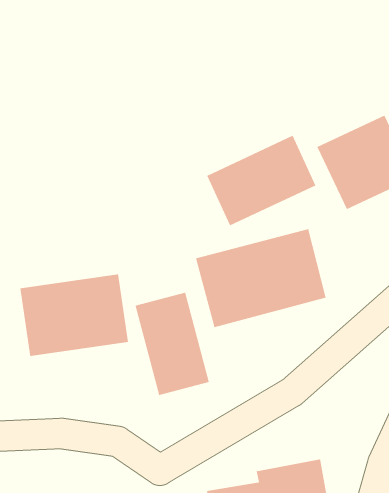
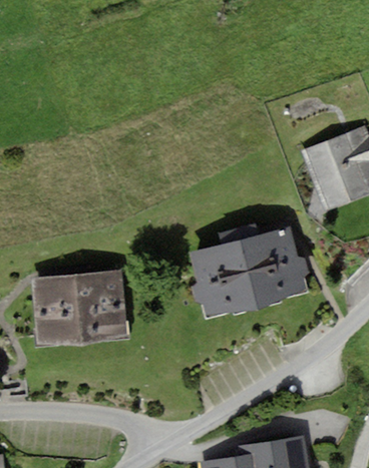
building: [206,135,316,226] -> none
building: [135,292,209,396] -> none

